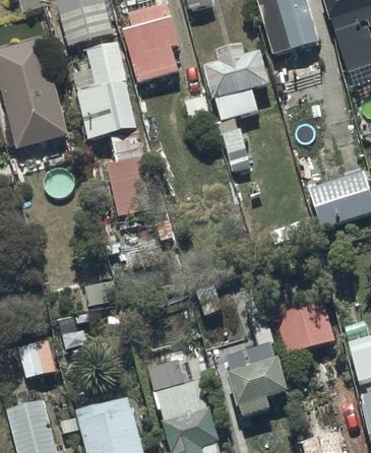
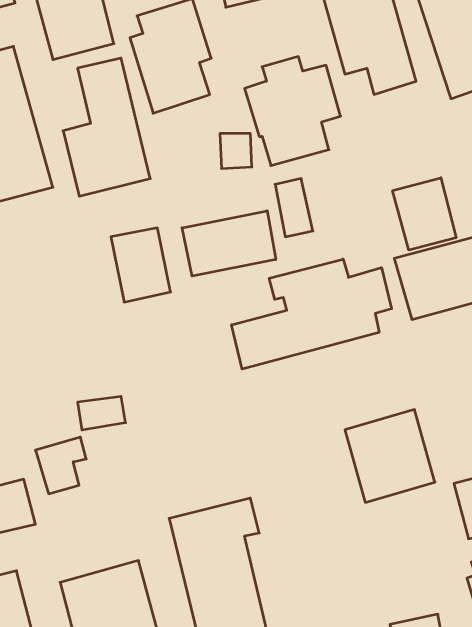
building: none -> [393,178,456,250]
building: none -> [182,211,276,276]
building: none -> [232,259,392,369]
building: [224,281,287,415] -> none

